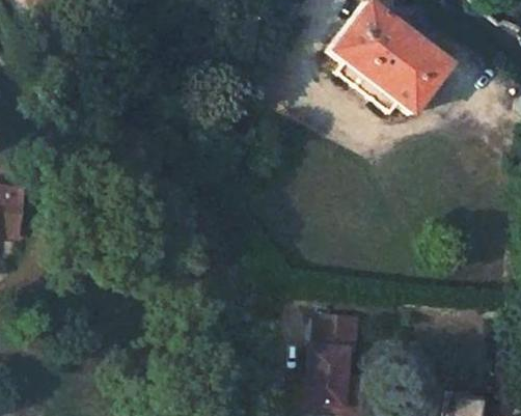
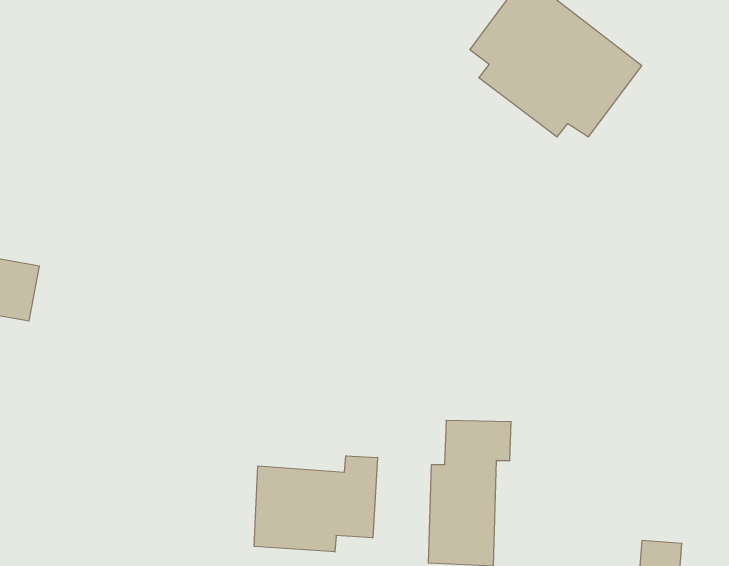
building: none -> [254,456,378,552]

